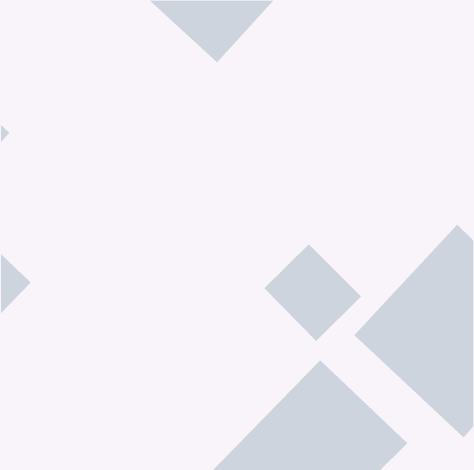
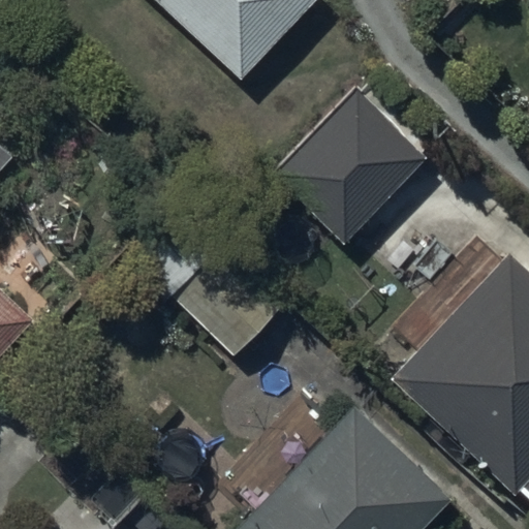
building: none -> [272,90,428,246]
building: [263,243,362,342] -> [174,246,283,355]

